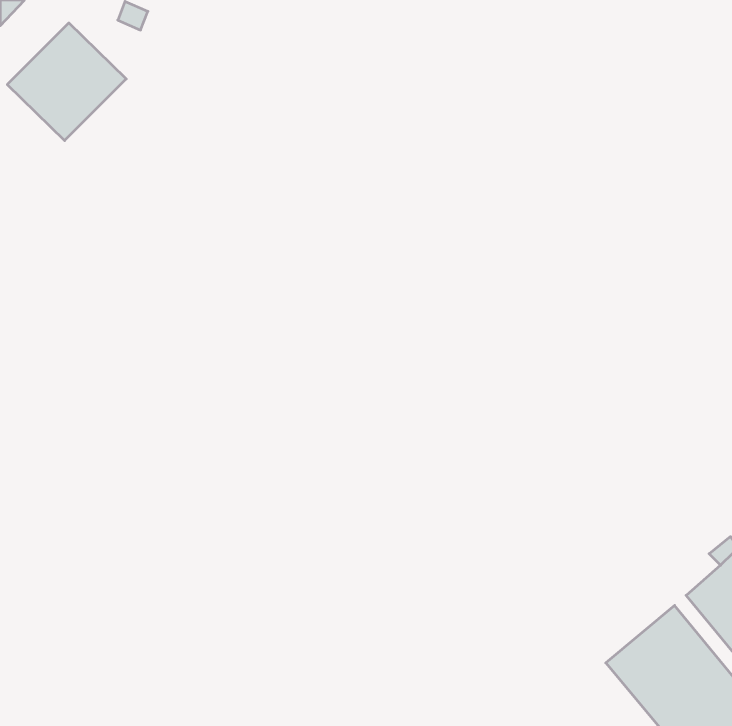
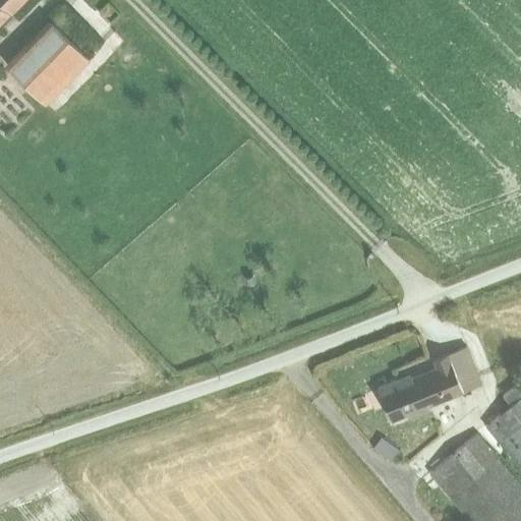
building: none -> [379,348,482,422]

